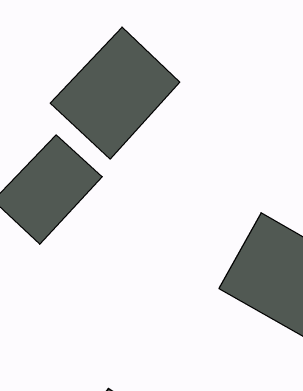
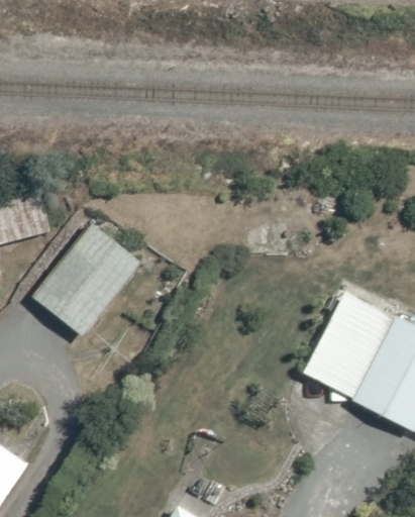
building: [50,27,180,159] -> none

